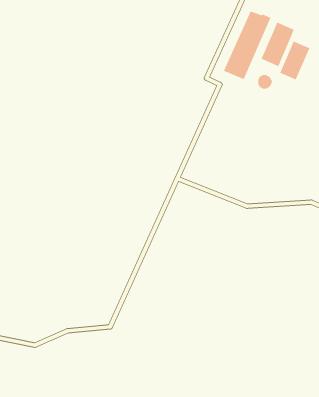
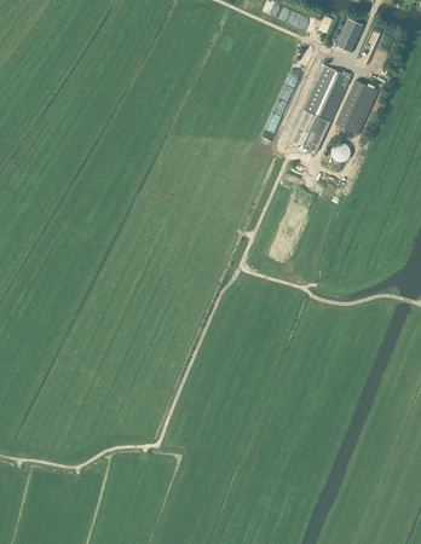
building: [279,41,310,81] -> none

